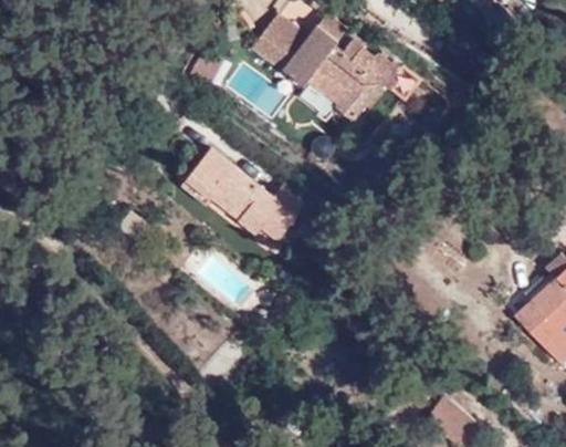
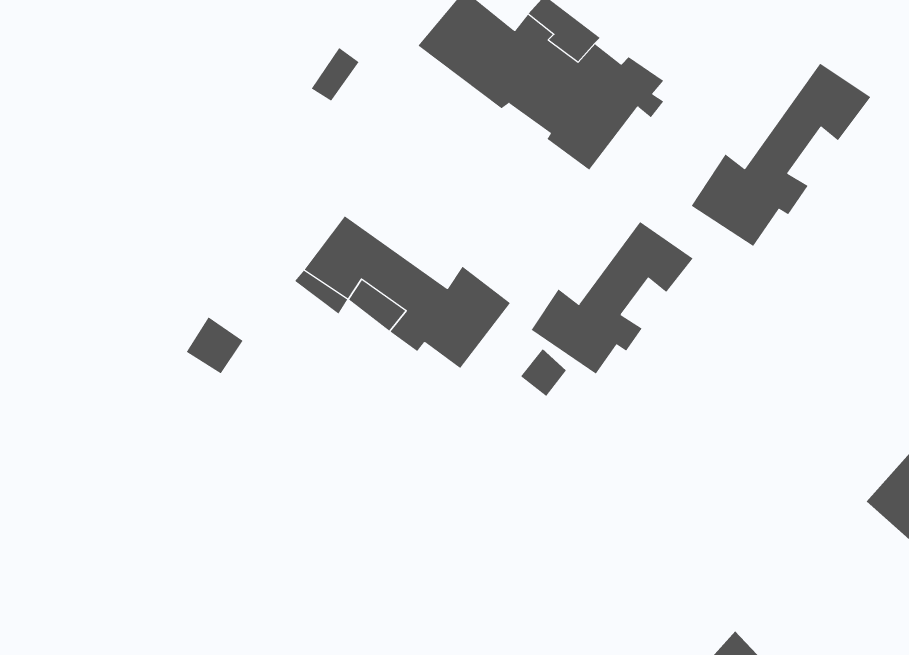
building: none -> [691,63,871,247]
building: none -> [531,221,694,375]

